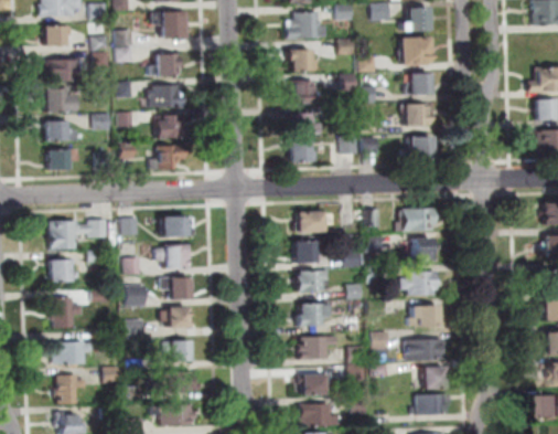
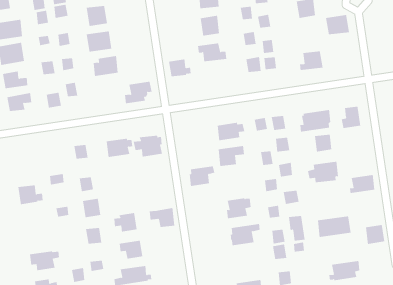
building: [404,104,431,126] -> [325,15,350,35]
building: [290,141,316,161] -> [168,59,191,77]
building: [151,146,185,170] -> [124,81,152,104]
building: none -> [341,106,361,129]
building: [50,220,107,250] -> none
building: [155,245,191,269] -> [133,135,163,157]
building: [297,271,329,293] -> [189,166,215,187]
building: [161,277,191,299] -> [149,208,175,227]
building: [51,298,82,327] -> none
building: [409,306,440,326] -> [349,175,375,194]
building: [425,368,447,390] -> [365,224,385,244]
building: [299,374,326,396] -> none

